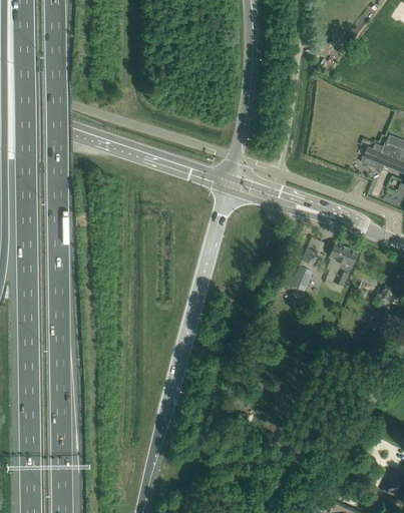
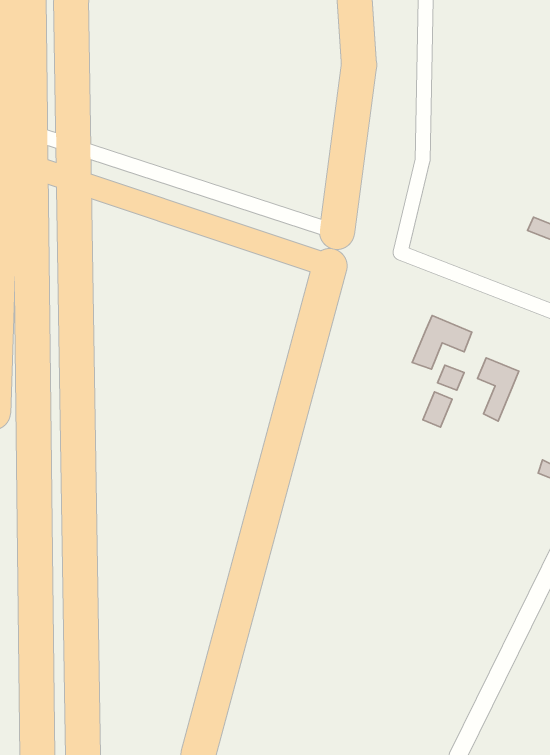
building: none -> [412,315,472,369]

